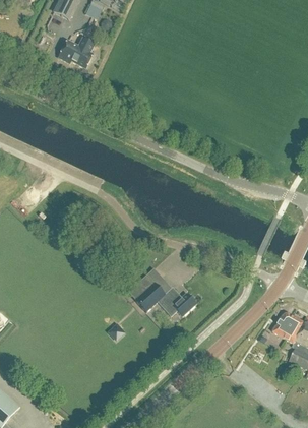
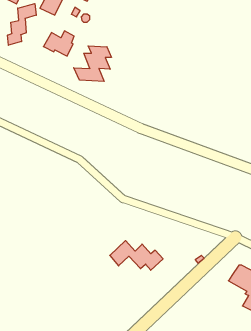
building: none -> [8,4,36,45]
building: none -> [74,46,111,81]

